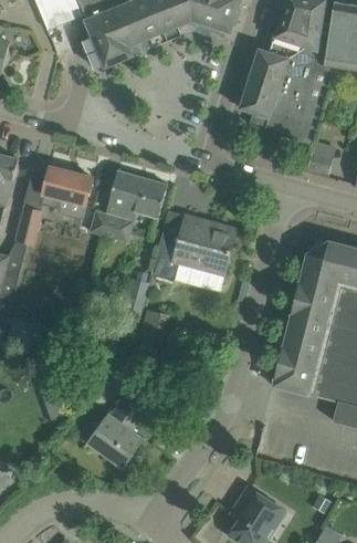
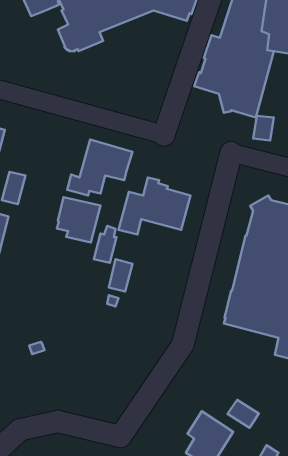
building: [41,166,92,219] -> [57,197,100,243]
building: [86,386,151,468] -> none
building: none -> [228,400,259,428]

